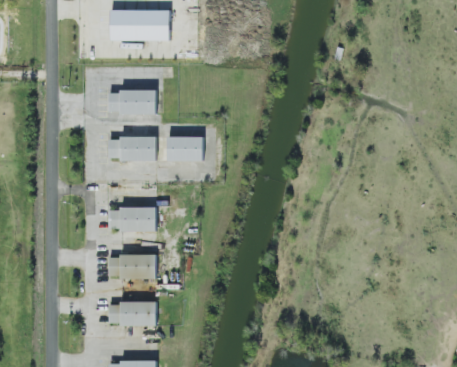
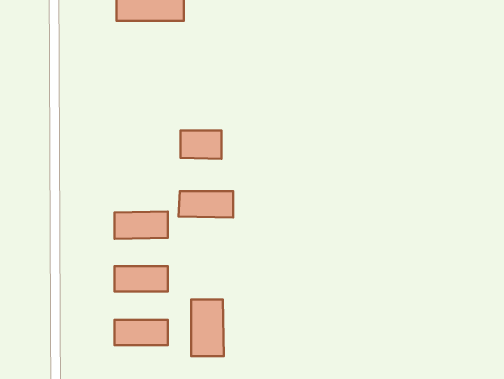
building: [108,90,156,113] -> none
building: [108,137,156,160] -> [179,191,233,218]
building: none -> [191,300,224,356]

